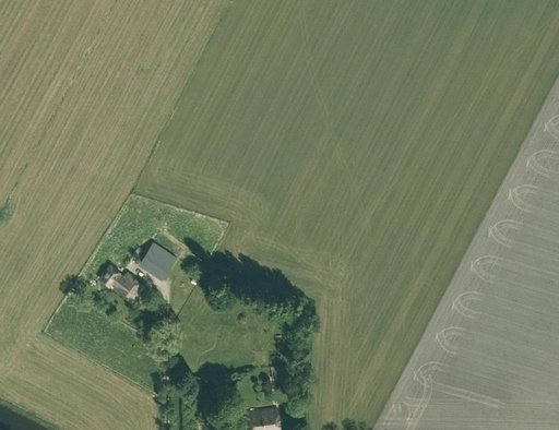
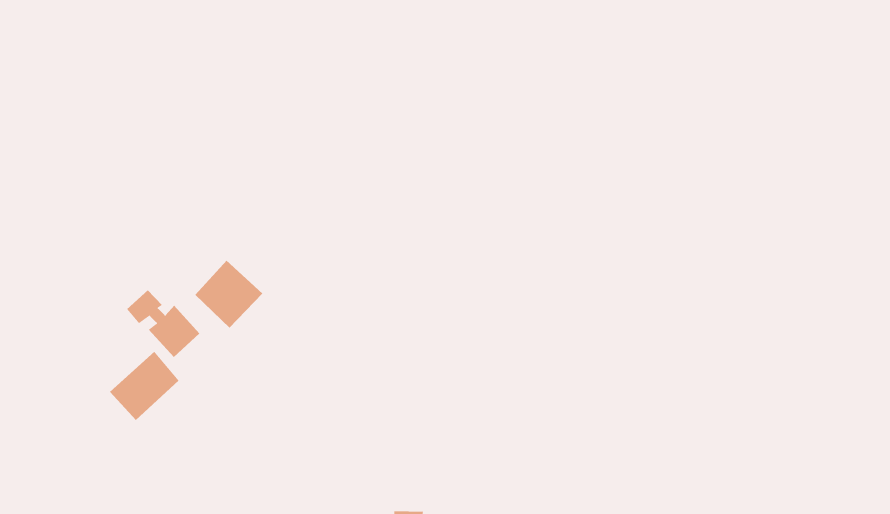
building: none -> [109,351,179,421]

